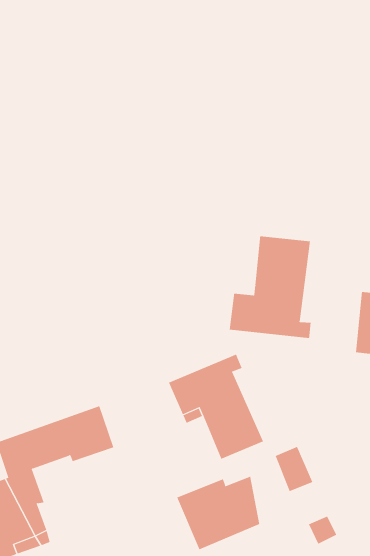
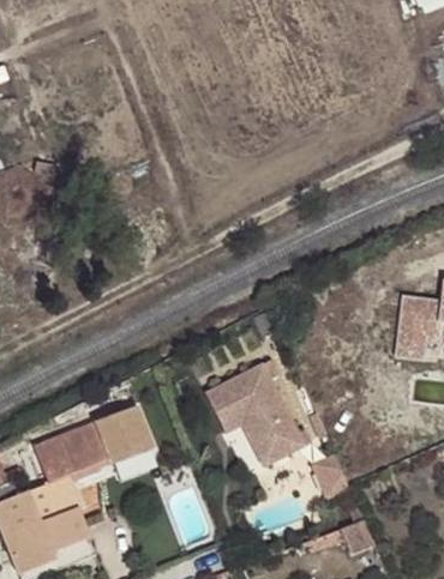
building: [229,236,311,339] -> none
building: [176,476,260,550] -> none

